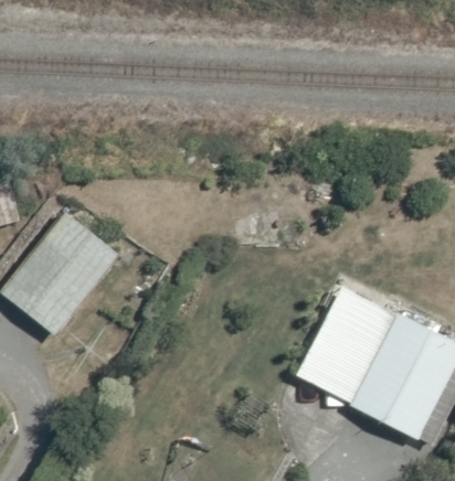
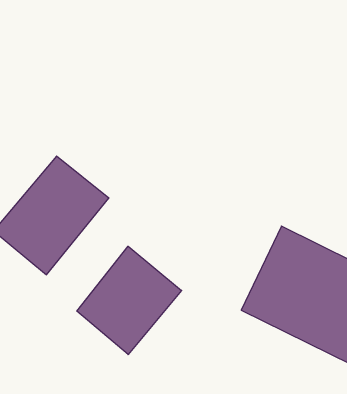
building: none -> [77,246,182,355]

